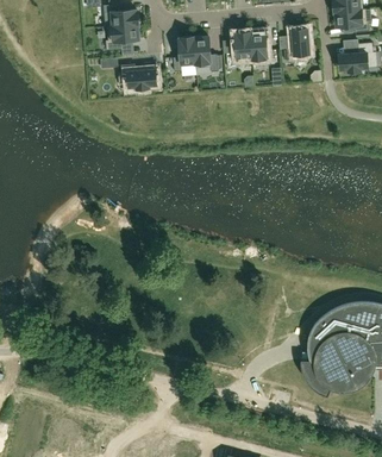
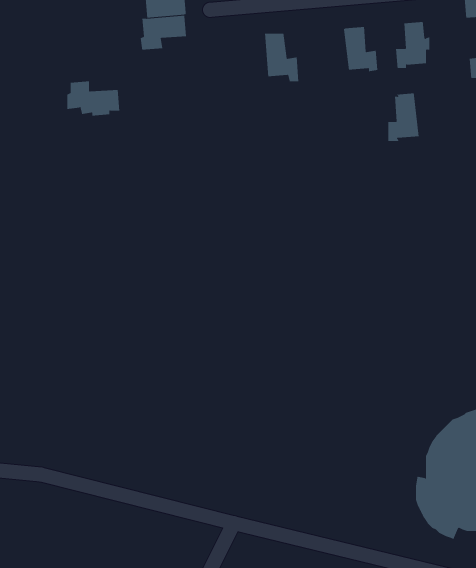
building: [231,33,253,68] -> [388,93,420,142]
building: [174,37,196,73] -> none
building: [119,64,157,89] -> [66,81,120,116]

